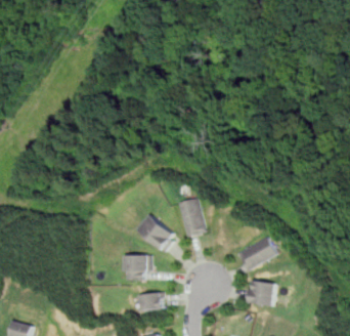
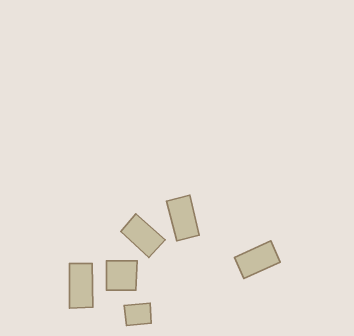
building: none -> [70,263,93,308]
building: [248,281,274,306] -> none

